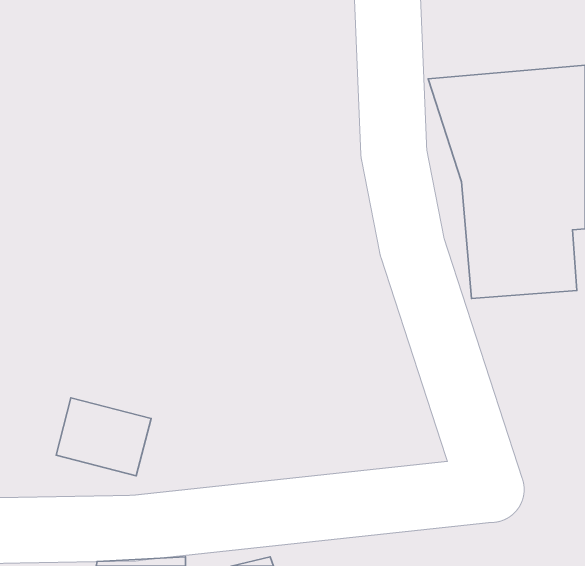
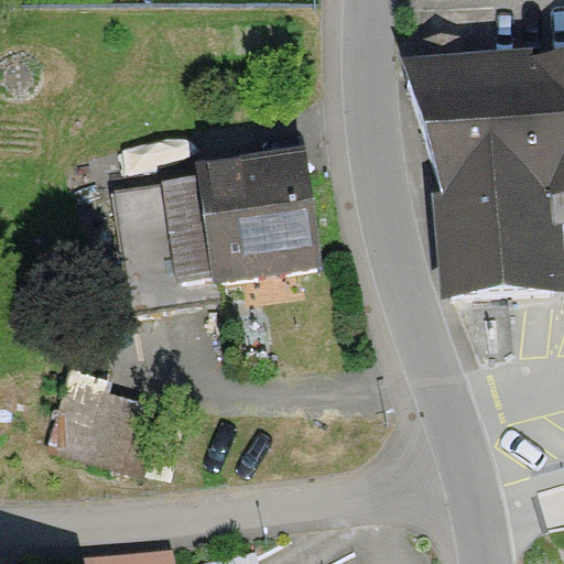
building: none -> [119,161,316,300]

